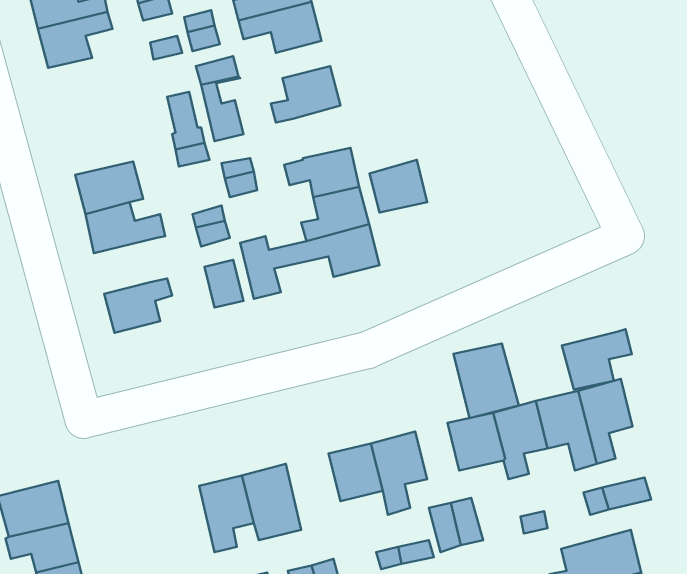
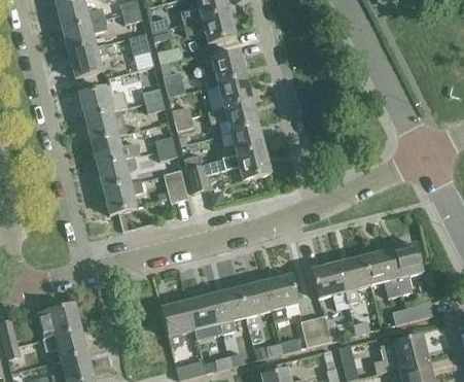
building: none -> [68,44,108,77]
building: none -> [78,84,127,118]
building: [369,160,427,212] -> [216,76,251,108]
building: none -> [96,157,137,190]
building: [562,329,632,389] -> none
building: [453,343,519,418] -> none
building: none -> [212,287,245,334]

